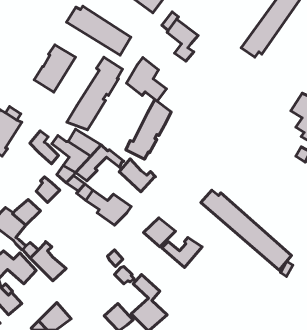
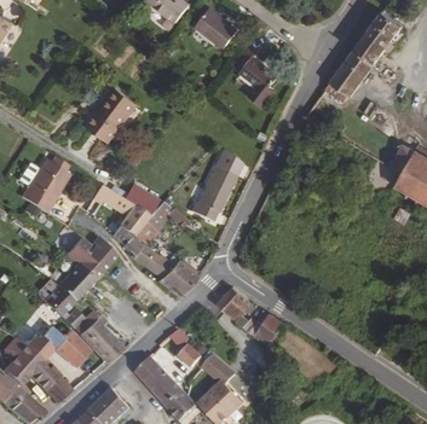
building: [66,6,131,55] -> none
building: [67,57,122,130] -> none
building: [126,58,166,101] -> none
building: [30,131,59,164] -> [65,240,99,279]
building: [119,159,156,192] -> none
building: [201,190,292,270] -> none
building: none -> [133,354,181,402]

